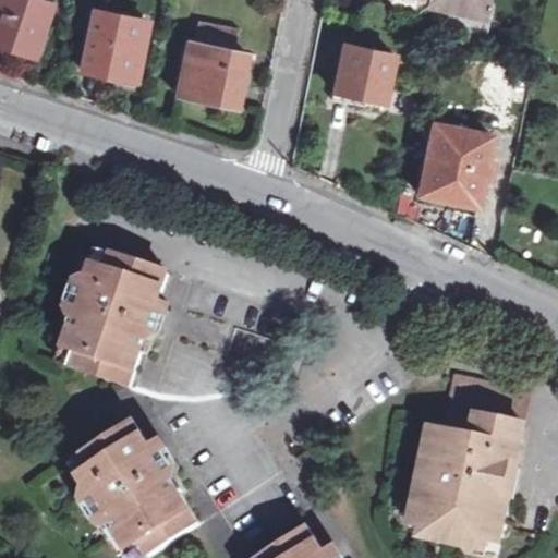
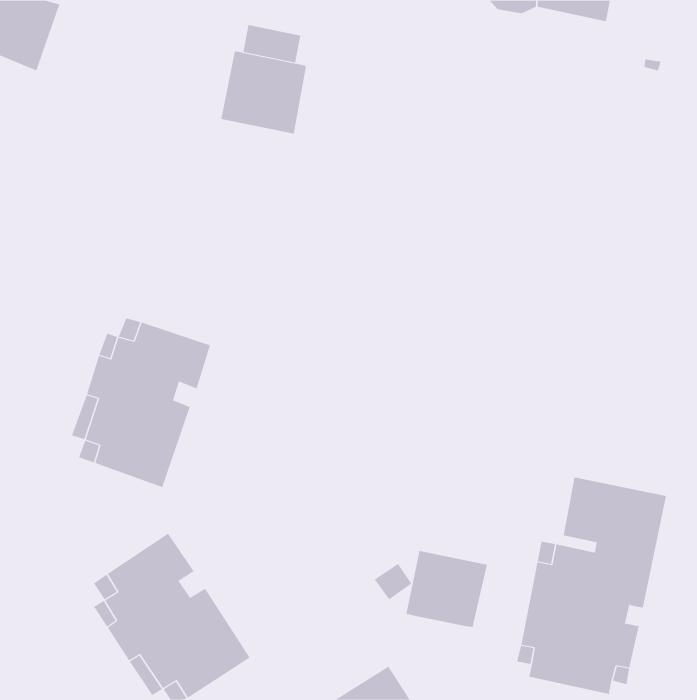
building: [80,7,146,77] -> none
building: [331,41,392,105] -> none
building: [416,122,490,206] -> none
building: none -> [406,550,488,628]

